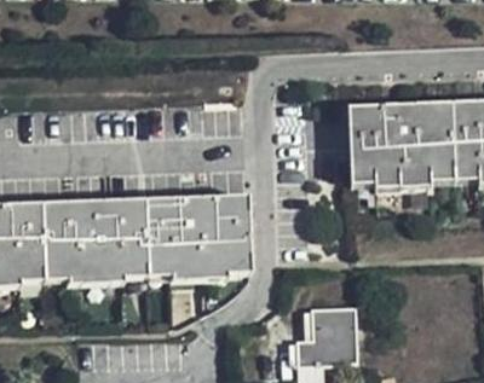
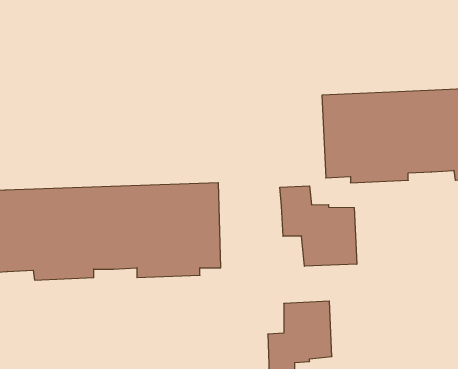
building: none -> [280,186,357,266]

